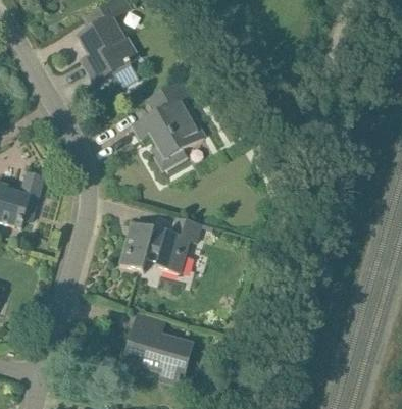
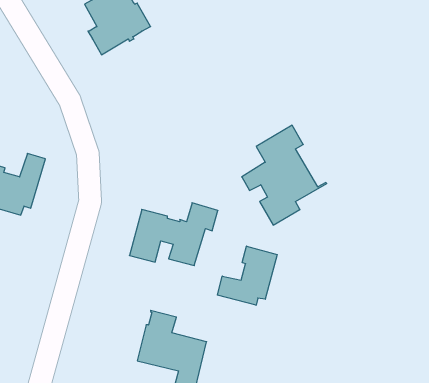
building: [134,79,211,169] -> [242,125,327,225]
building: none -> [218,246,277,305]

